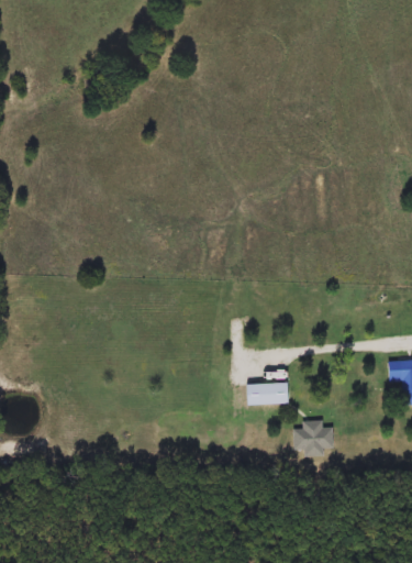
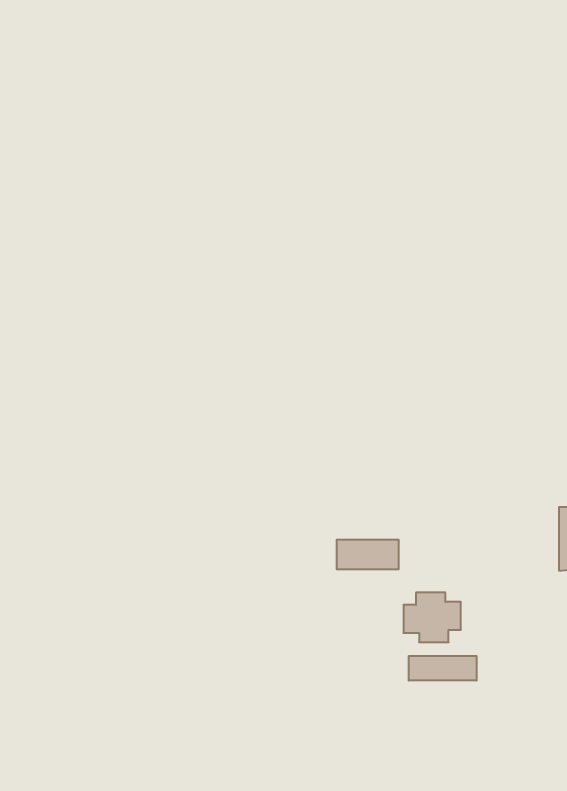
building: none -> [409,656,477,681]

